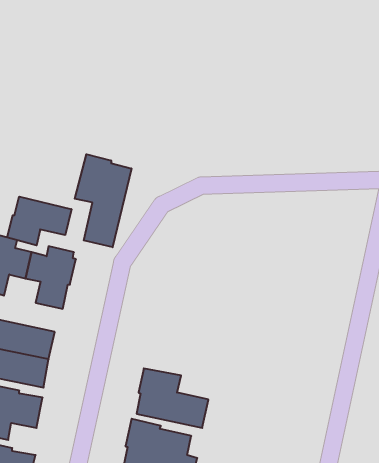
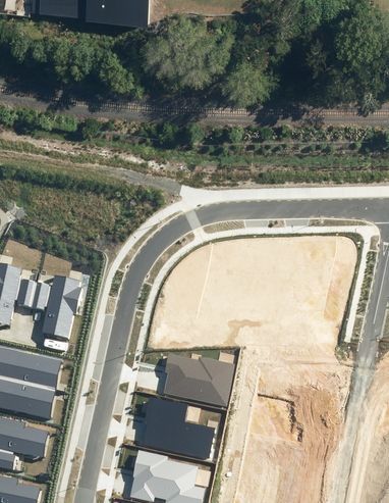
building: [75,154,131,247] -> none
building: [7,197,71,245] -> none
building: none -> [163,354,234,406]

